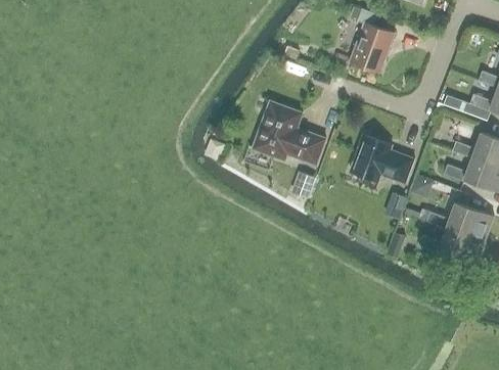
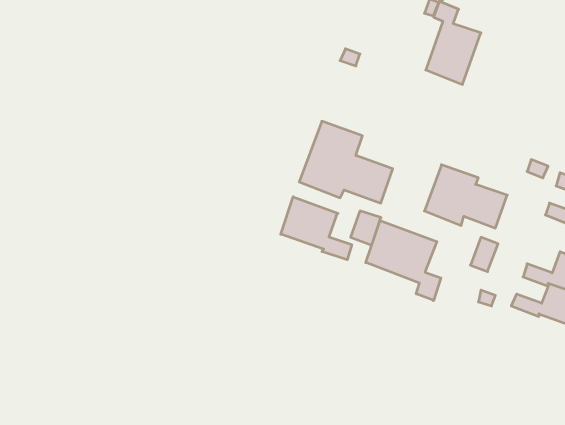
building: none -> [281,197,352,260]
building: none -> [366,220,441,301]

